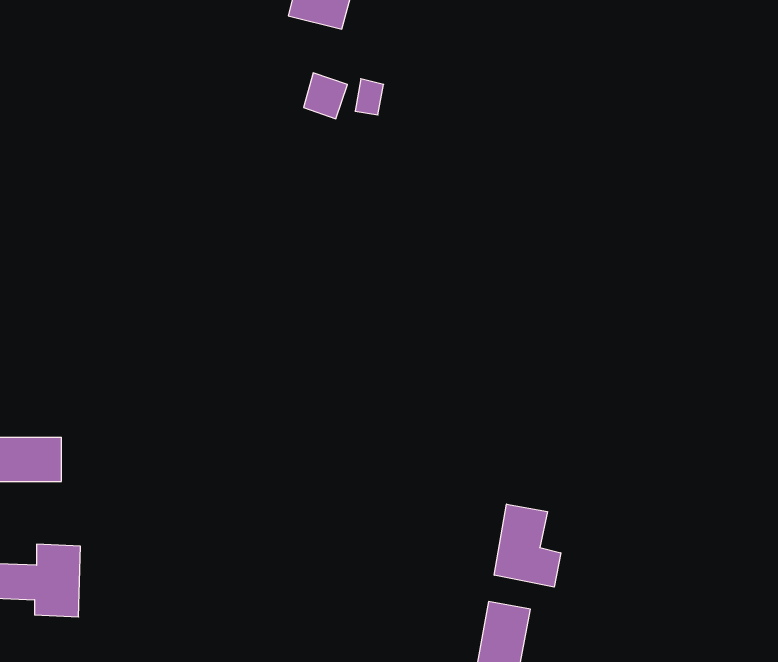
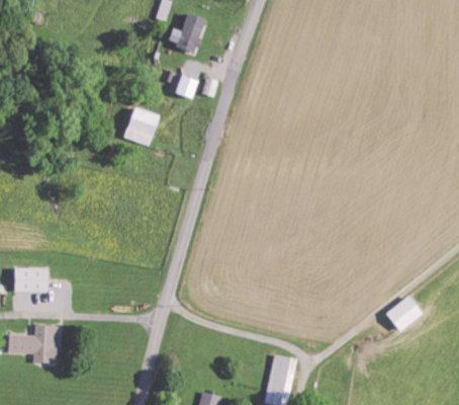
building: none -> [123,106,159,146]
building: none -> [386,296,423,331]
building: [494,504,561,587] -> none

